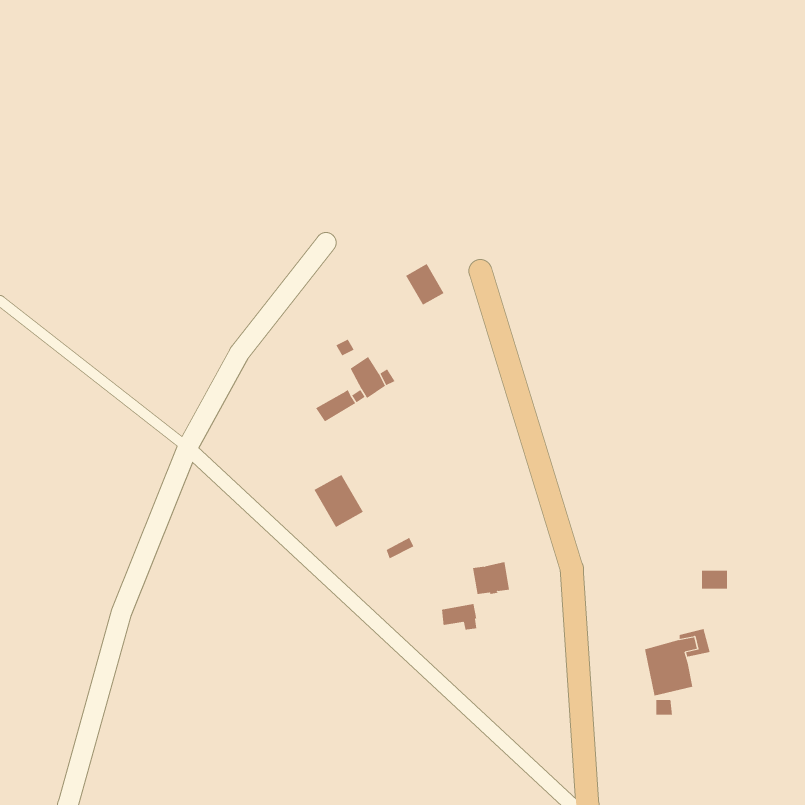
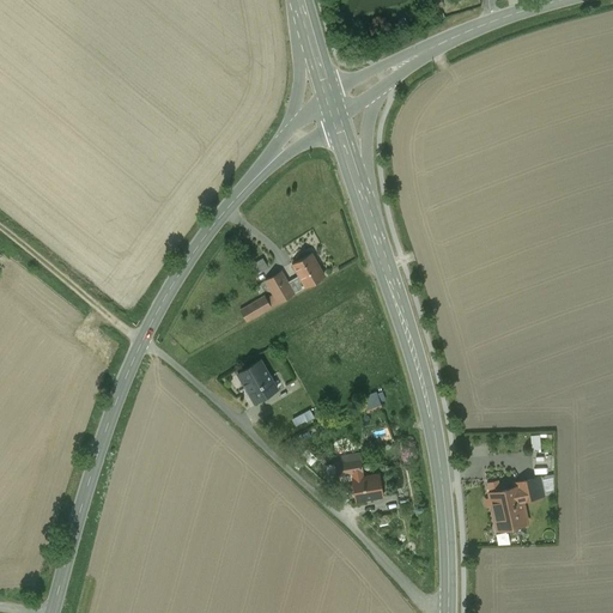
building: [405,263,445,306] -> [293,254,323,286]
building: [472,561,510,595] -> [353,474,382,499]

